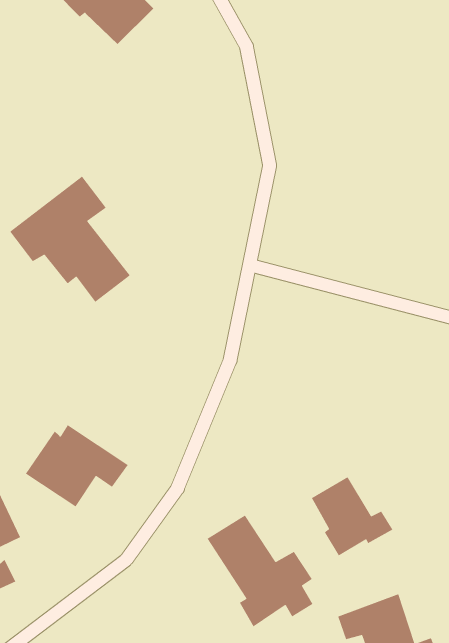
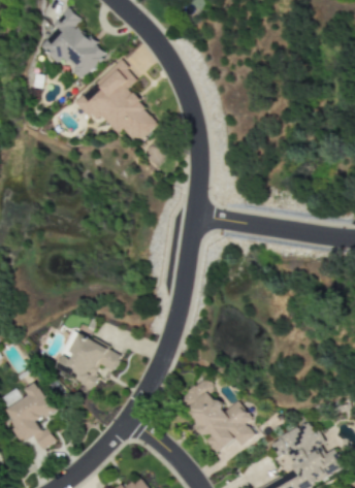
building: [9,176,131,303] -> [75,60,159,143]
building: [311,476,393,557] -> none

